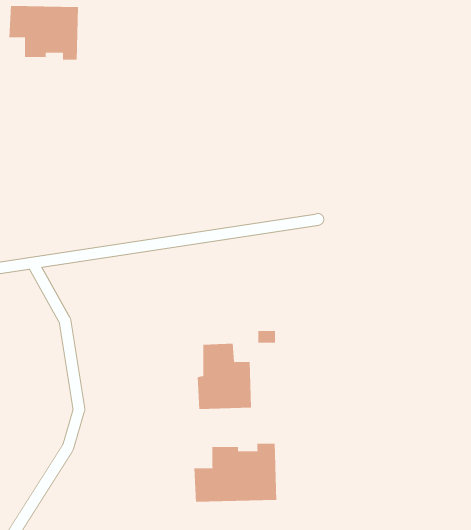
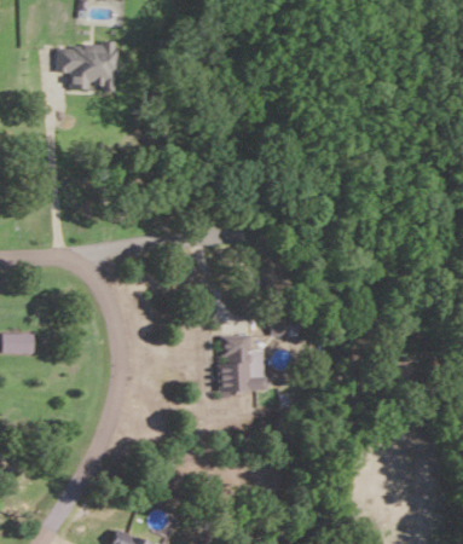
building: [194,443,277,503] -> none

